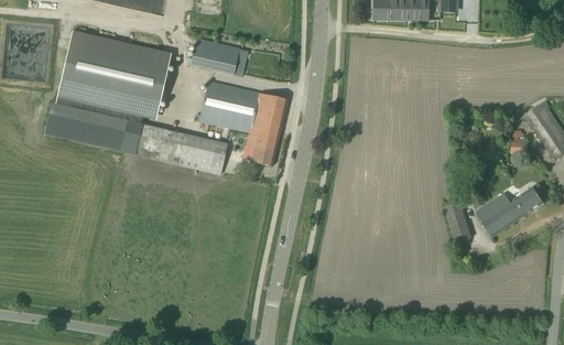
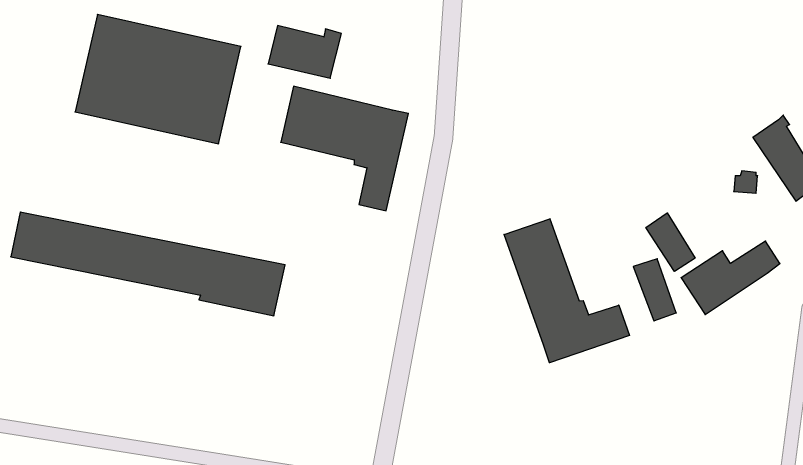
building: [39,103,228,174] -> [11,212,285,316]
building: none -> [646,213,695,271]
building: none -> [504,219,629,363]

